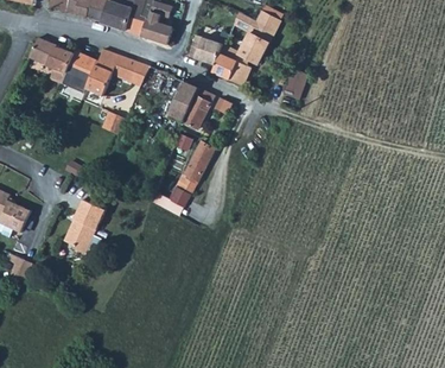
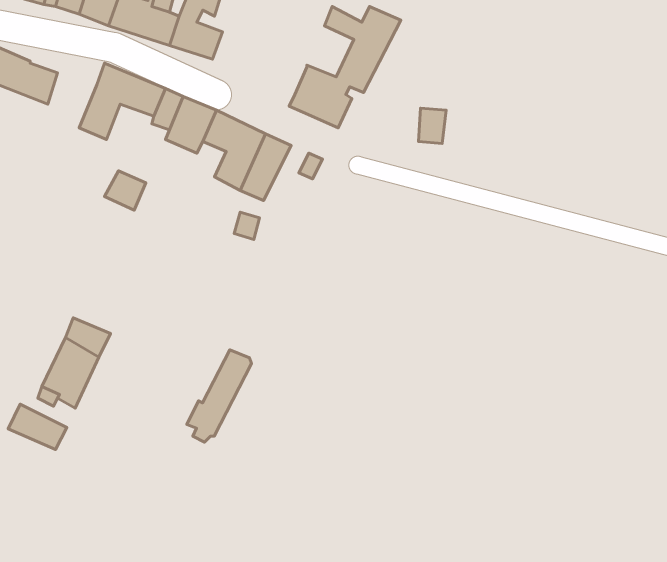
building: [189,37,223,65] -> none
building: [66,50,96,85] -> none
building: [173,142,212,198] -> [187,350,252,442]
building: none -> [8,404,67,450]

